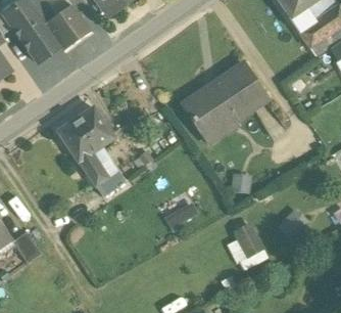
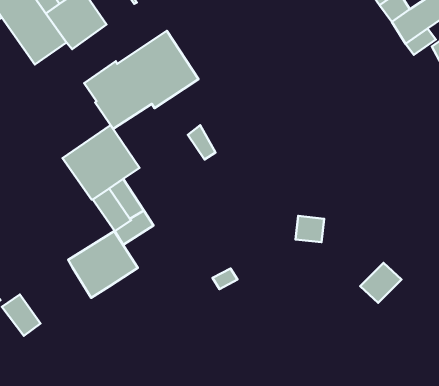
building: [184,63,269,136] -> [84,31,199,129]
building: none -> [68,231,138,298]
building: [234,222,264,258] -> none

